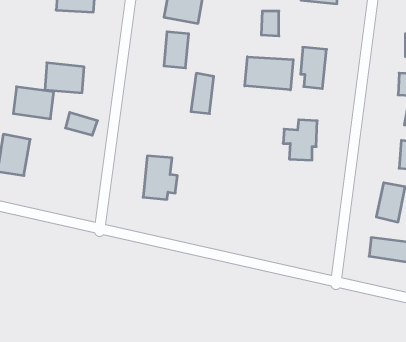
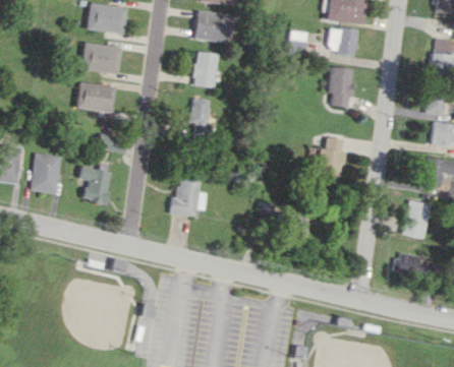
building: none -> [329,26,358,55]
building: [245,57,293,90] -> none
building: [191,73,214,114] -> [187,98,210,137]
building: [13,87,54,119] -> [81,43,121,74]
building: none -> [78,166,112,204]

